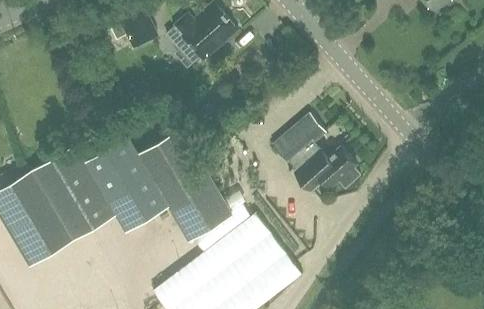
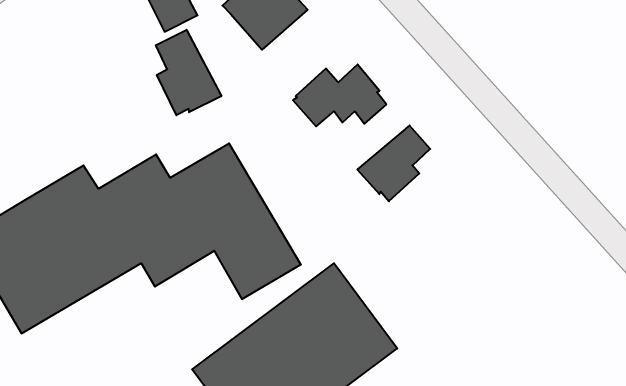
building: none -> [156,30,221,115]
building: [293,146,361,191] -> [293,64,386,126]

